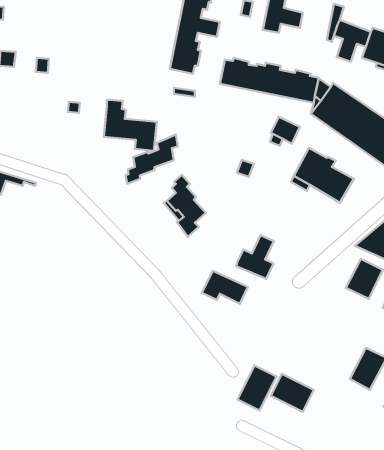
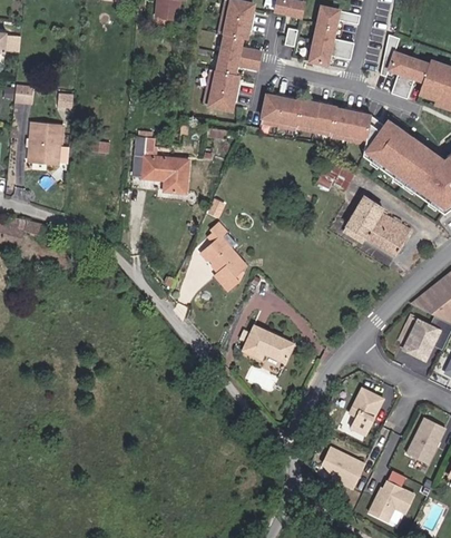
building: none -> [30,123,63,162]
building: [125,134,178,184] -> none
building: [236,235,274,279] -> none
building: [238,366,277,411] -> [343,385,386,436]
building: none -> [369,477,416,520]

